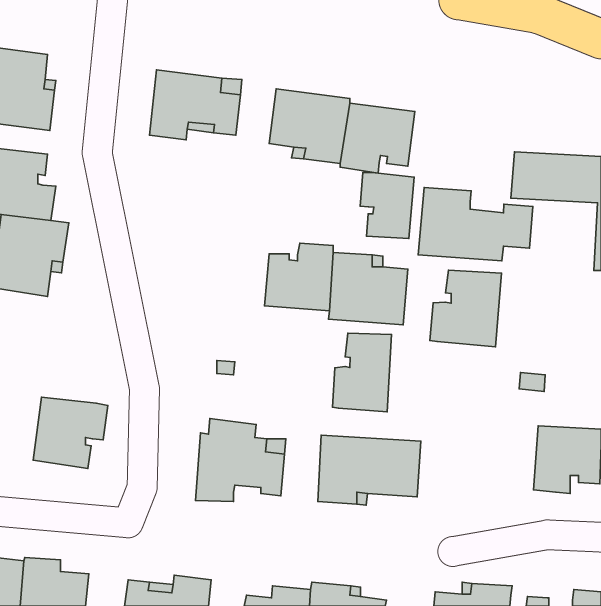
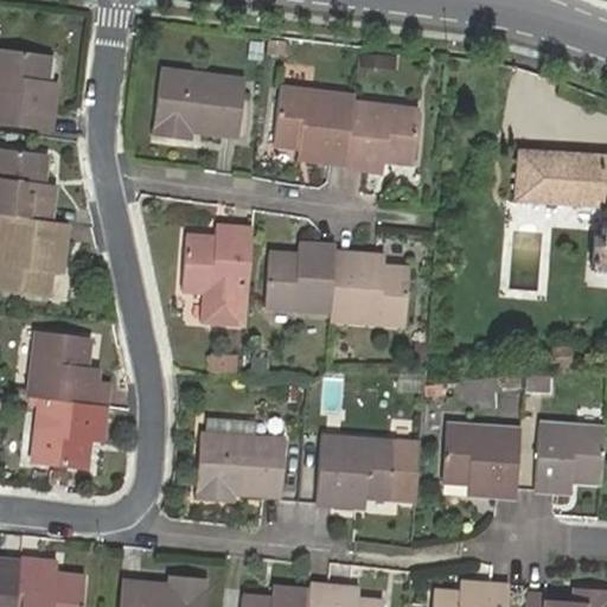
building: [360,172,414,239] -> none
building: [418,188,533,261] -> none
building: none -> [180,224,250,322]
building: [430,270,501,347] -> none
building: none -> [30,328,100,403]
building: [333,333,392,412] -> none
building: none -> [442,424,522,498]

